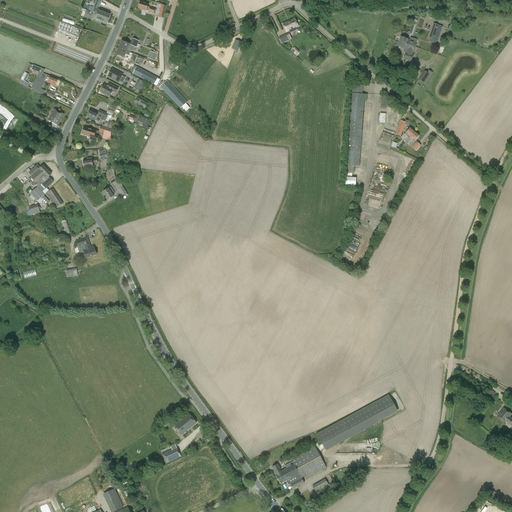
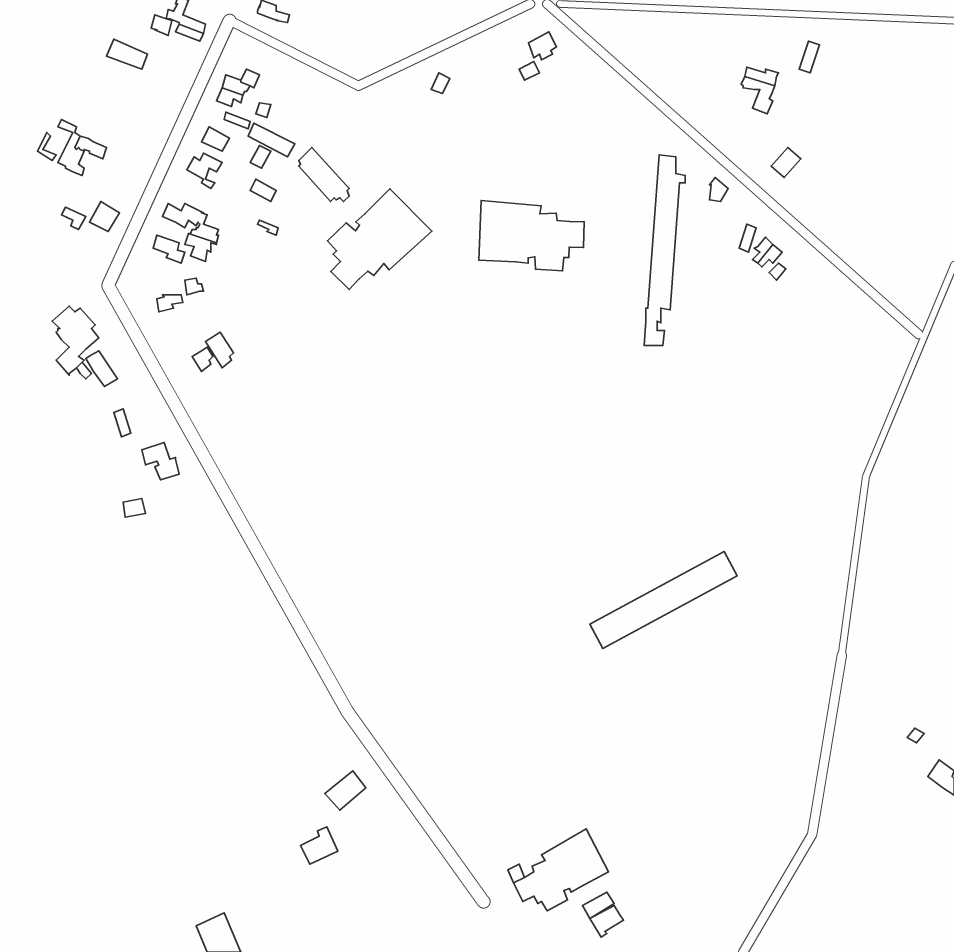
building: none -> [328,189,432,289]
building: none -> [479,201,584,271]
building: [317,394,396,446] -> [590,551,737,648]

